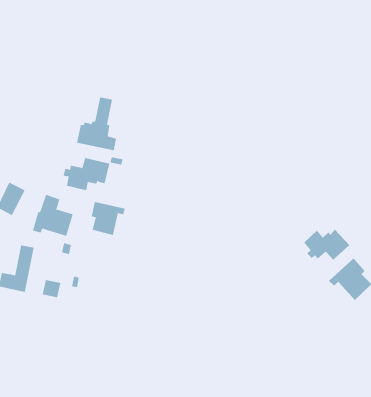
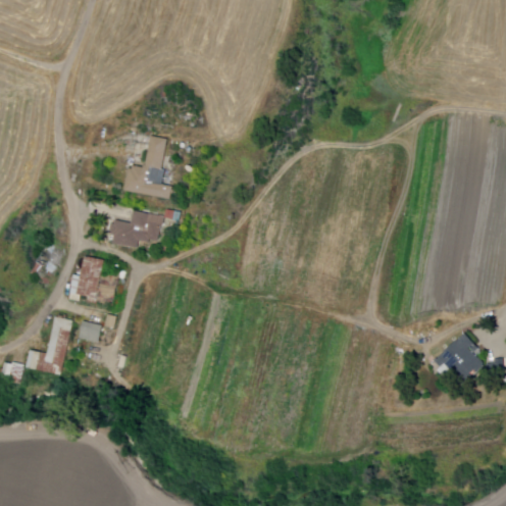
building: [91,201,126,236] -> none
building: [303,229,350,260] -> none
building: [42,280,61,298] -> [80,320,103,343]

